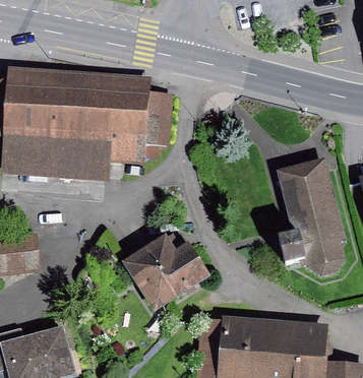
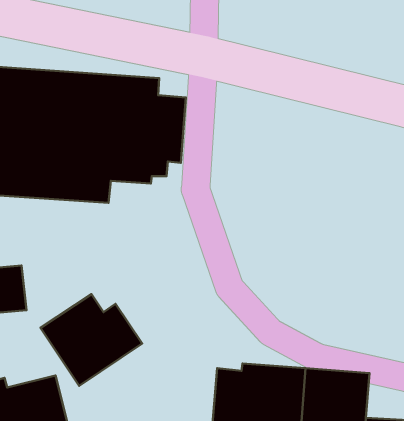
building: [277,159,346,275] -> none
building: [123,233,208,310] -> [41,294,142,386]

